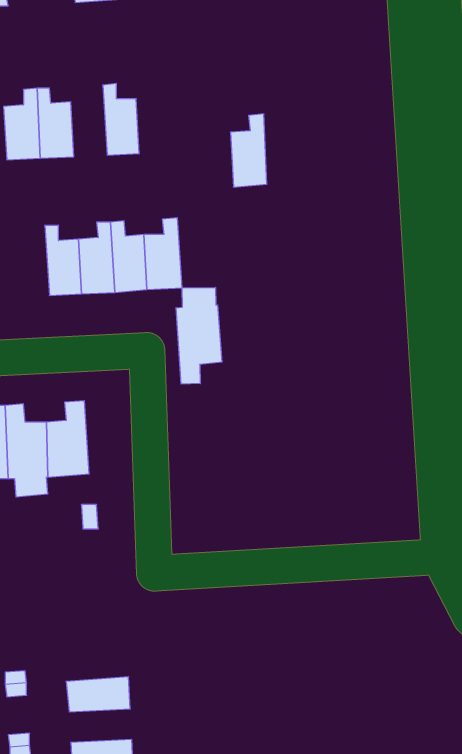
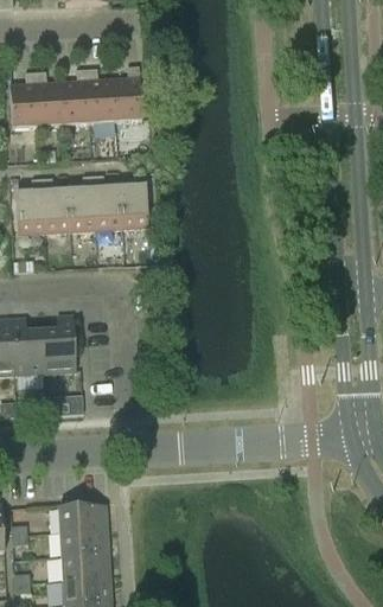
building: none -> [60,69,89,124]
building: [230,114,267,187] -> [111,65,140,122]
building: none -> [14,178,44,234]
building: [176,287,222,384] -> none
building: none -> [56,504,106,532]
building: none -> [59,554,108,580]

